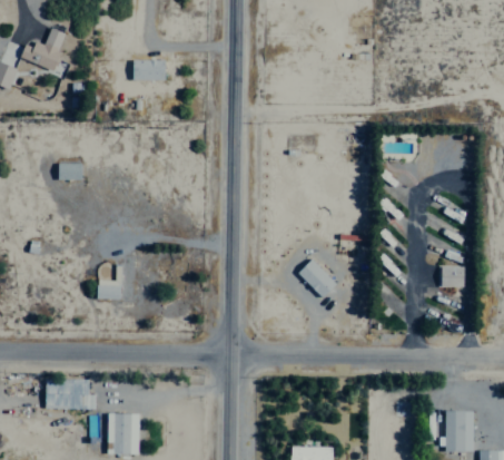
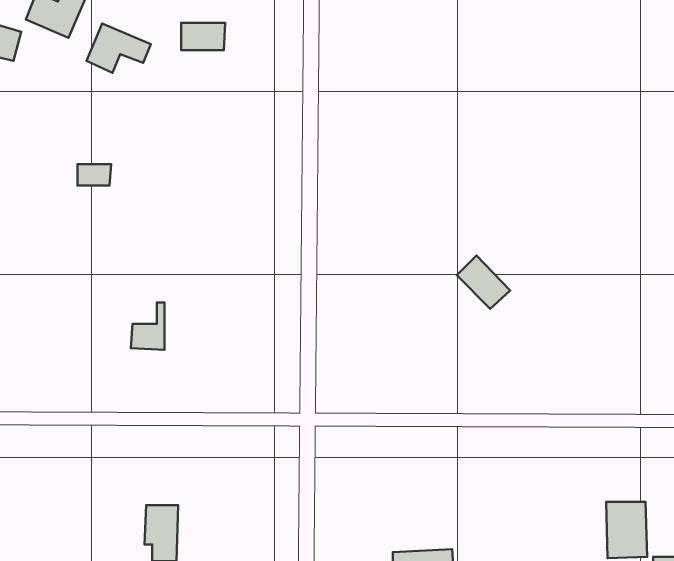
building: none -> [87,24,151,73]
building: [298,258,337,297] -> [457,255,510,309]
building: [438,266,465,287] -> none
building: [47,380,96,410] -> none

